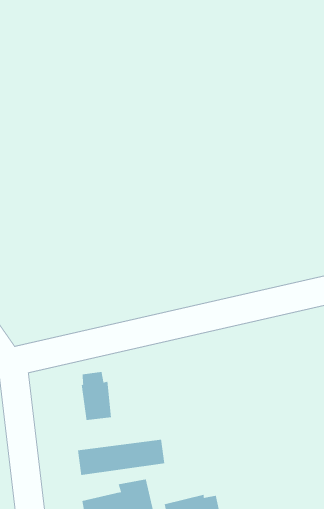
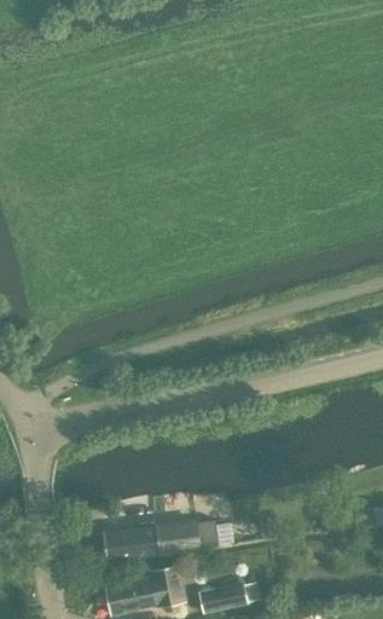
building: [81,371,112,421] -> none

